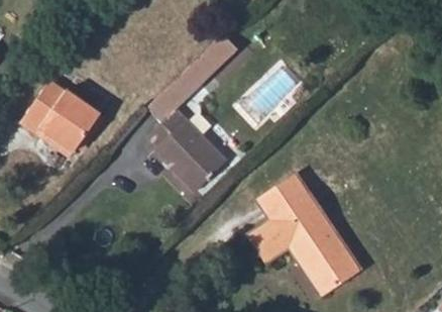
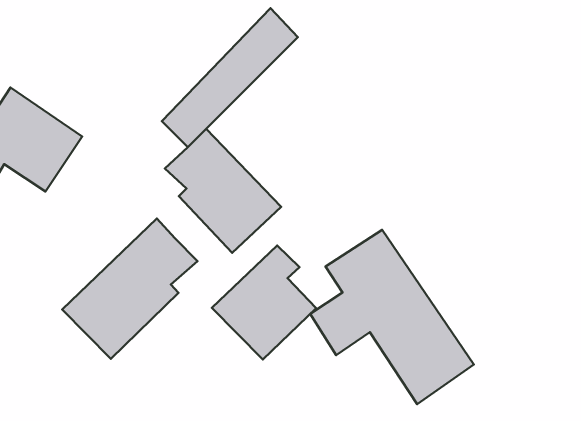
building: none -> [62,219,198,359]
building: none -> [212,246,316,359]

